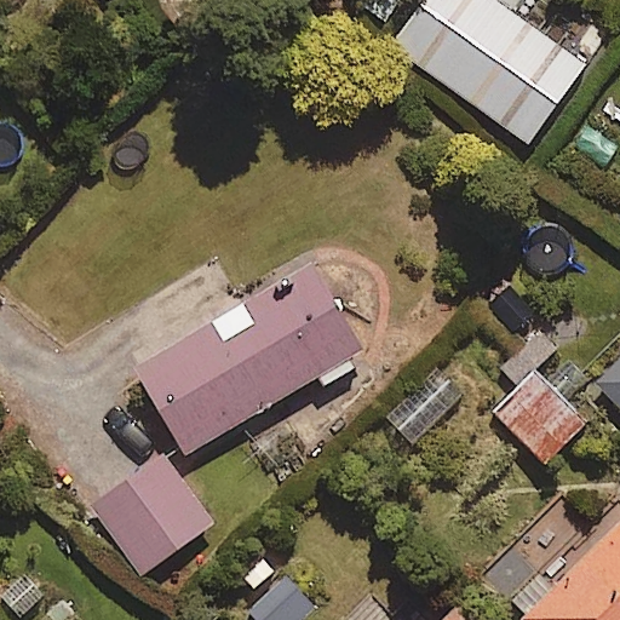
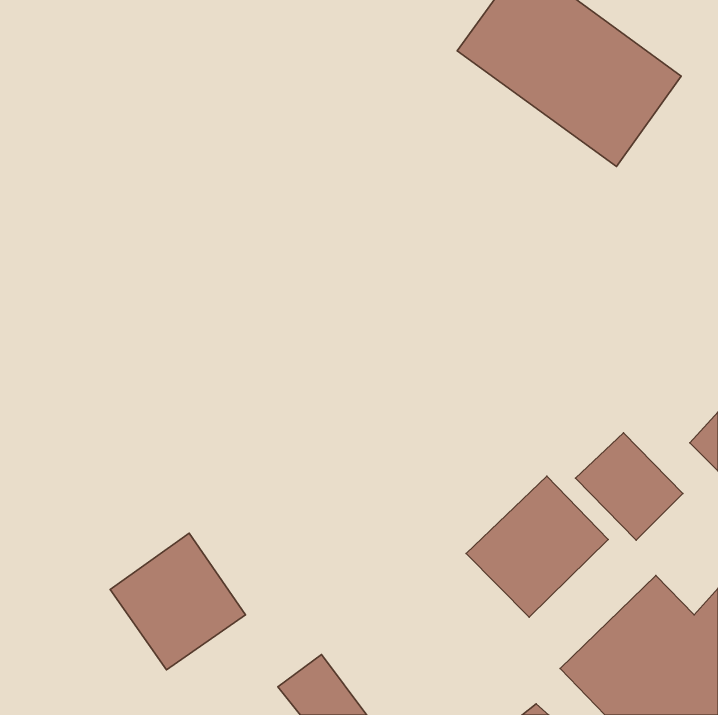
building: [133,277,362,457] -> none
building: none -> [466,476,608,617]

